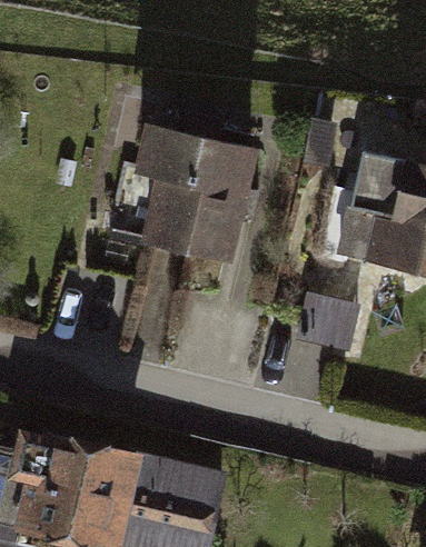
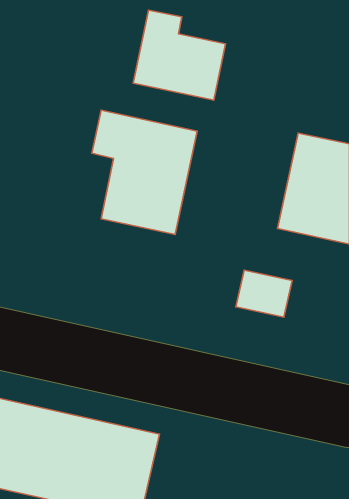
building: none -> [133,10,226,100]

